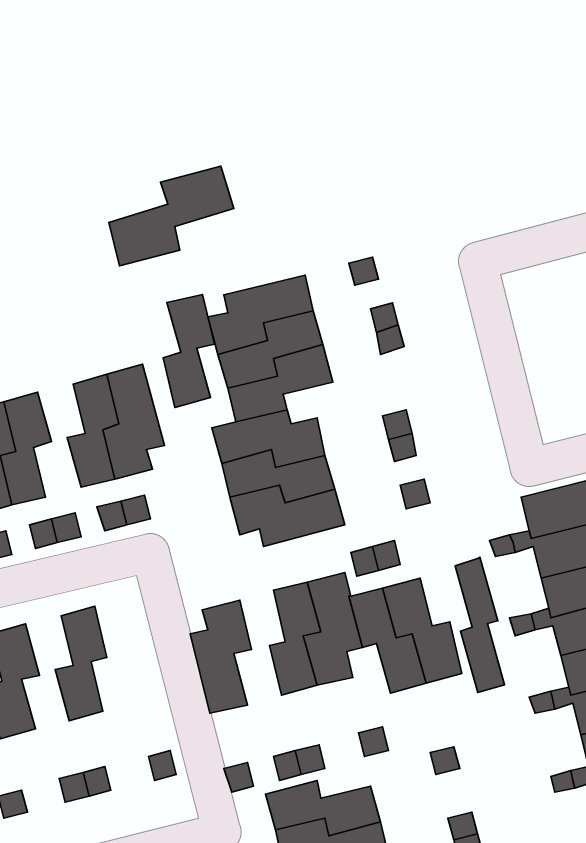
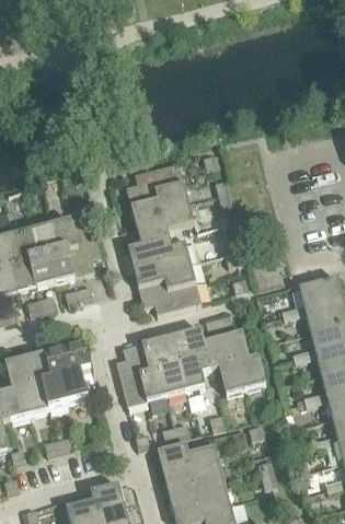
building: [109,166,234,266] -> none
building: [163,295,215,408] -> [30,223,58,286]
building: [455,557,505,692] -> none
building: none -> [140,337,169,400]
building: none -> [61,341,91,404]
building: none -> [23,351,51,414]

